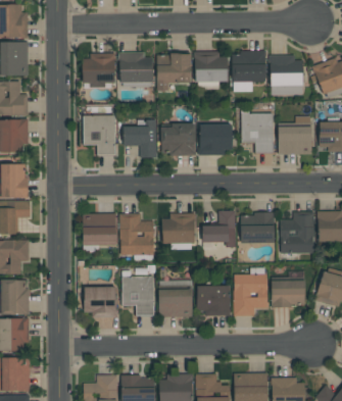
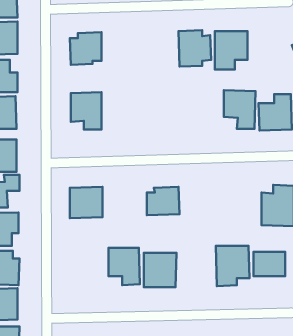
building: [118,52,152,86] -> none
building: [156,54,191,91] -> none
building: [270,56,302,95] -> none
building: [123,120,156,158] -> none
building: [199,124,232,156] -> none
building: [160,126,195,155] -> none
building: [202,211,235,247] -> none
building: [119,213,154,256] -> none
building: [240,213,274,243] -> none
building: [196,286,230,316] -> none
building: [84,287,116,318] -> none

